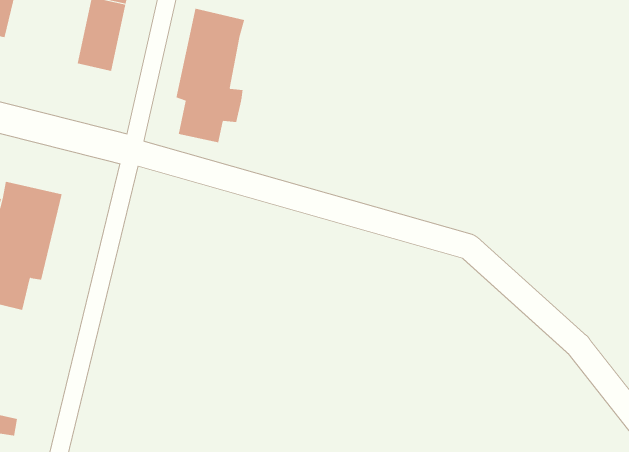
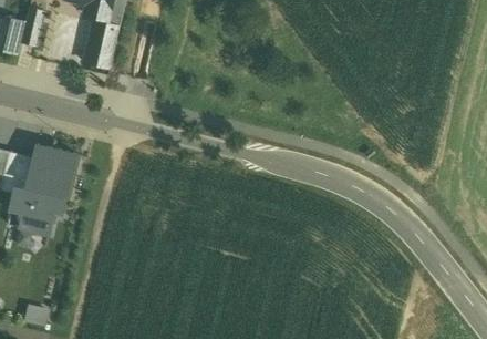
building: [176,8,245,143] -> none

